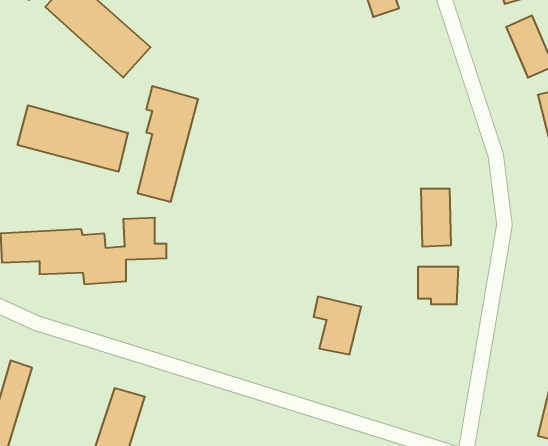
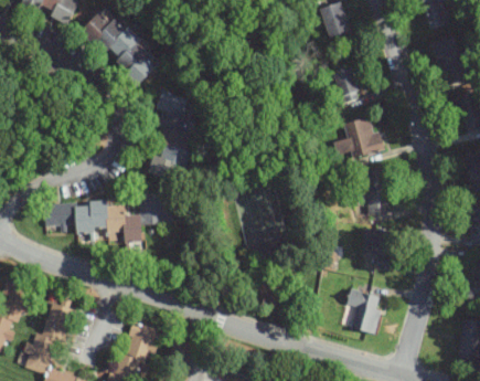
building: none -> [333,66,362,103]
building: [18,105,128,172] -> none
building: none -> [337,118,384,160]
building: [314,297,361,354] -> [346,289,383,334]

